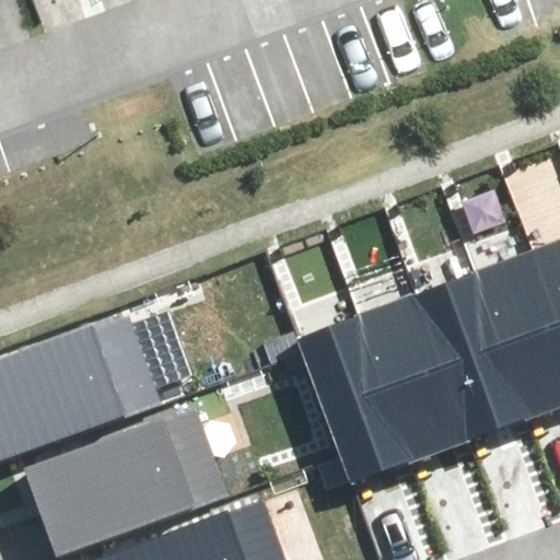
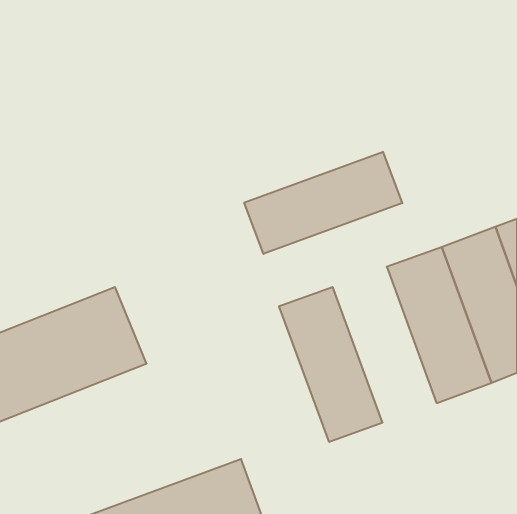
building: none -> [244,152,402,254]
building: [358,293,469,460] -> none
building: [26,409,226,553] -> none

